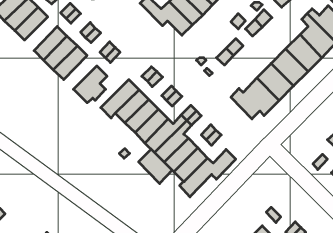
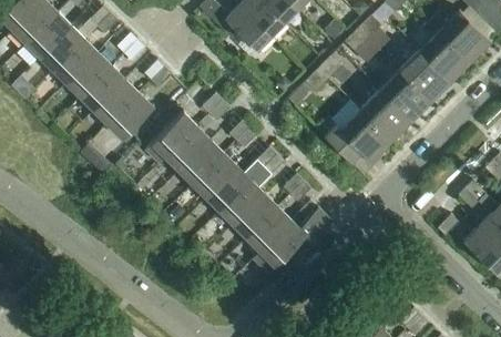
building: none -> [40,25,85,72]
building: none -> [94,79,140,125]
building: [139,149,172,184] -> none

